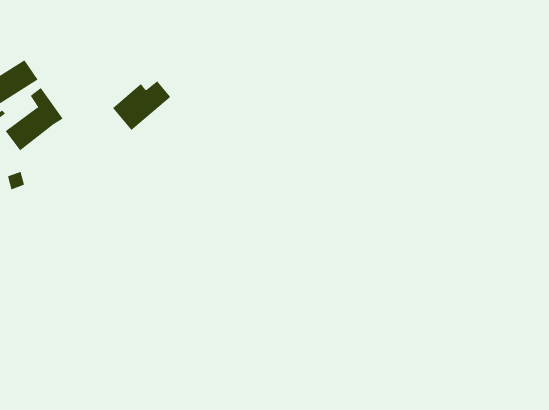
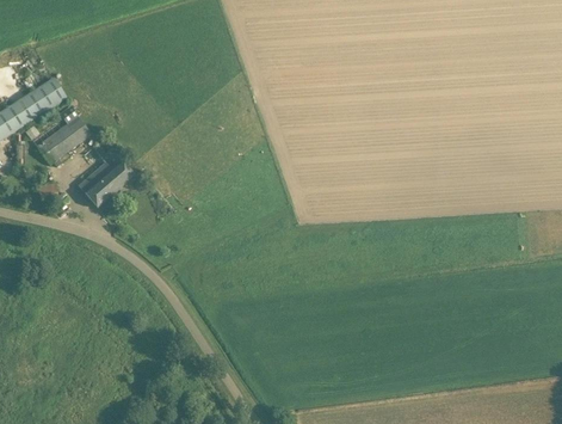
building: [112,81,171,131] -> [78,159,134,207]

